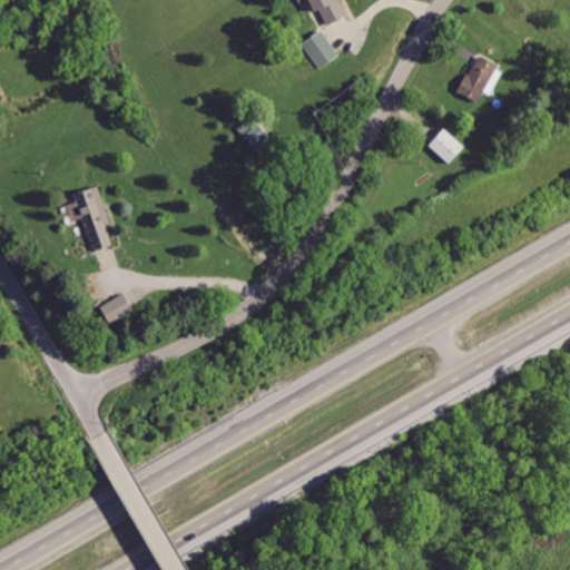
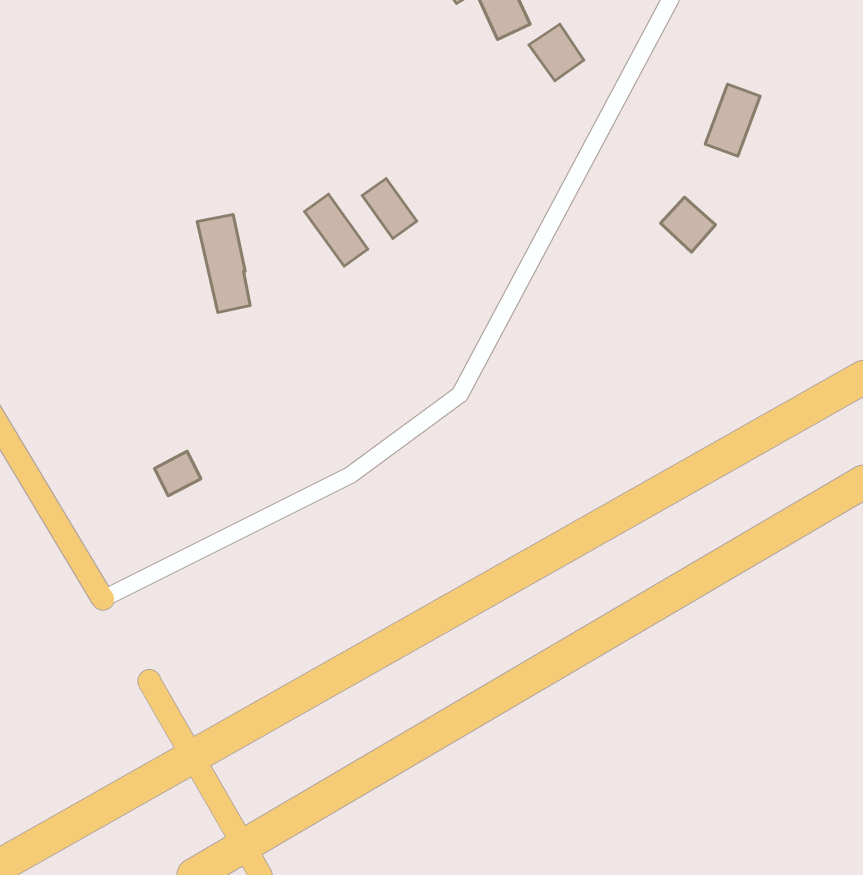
building: [299,31,335,68] -> [529,24,584,81]
building: none -> [305,194,368,266]
building: [75,187,109,250] -> [197,215,250,312]

